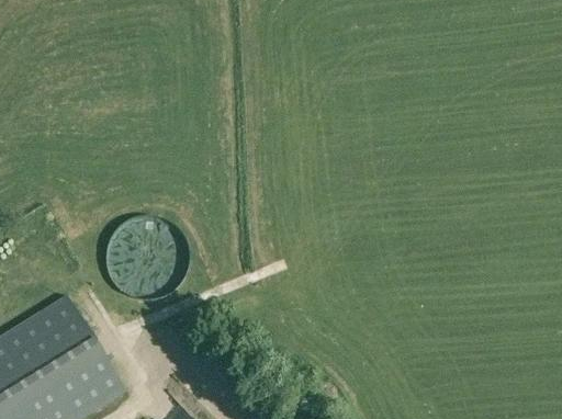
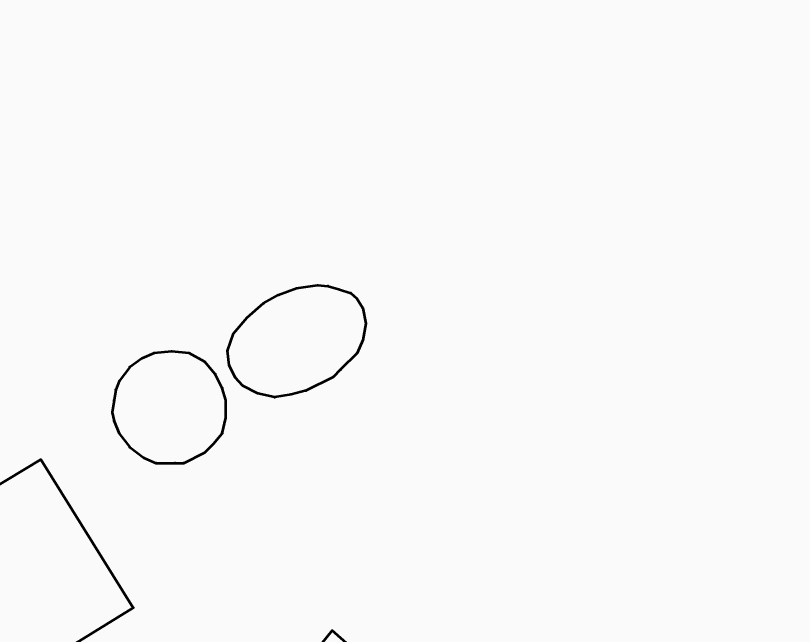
building: none -> [228,285,366,397]

